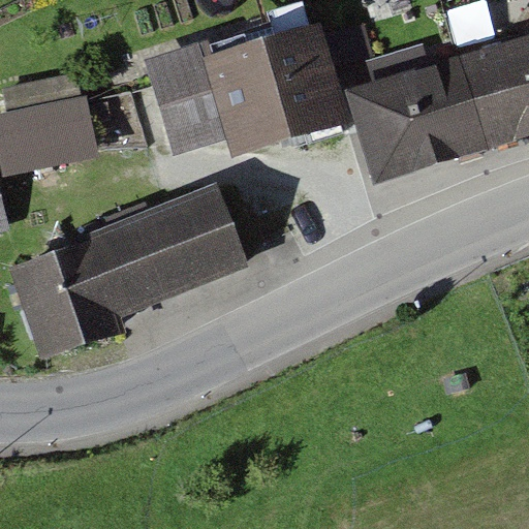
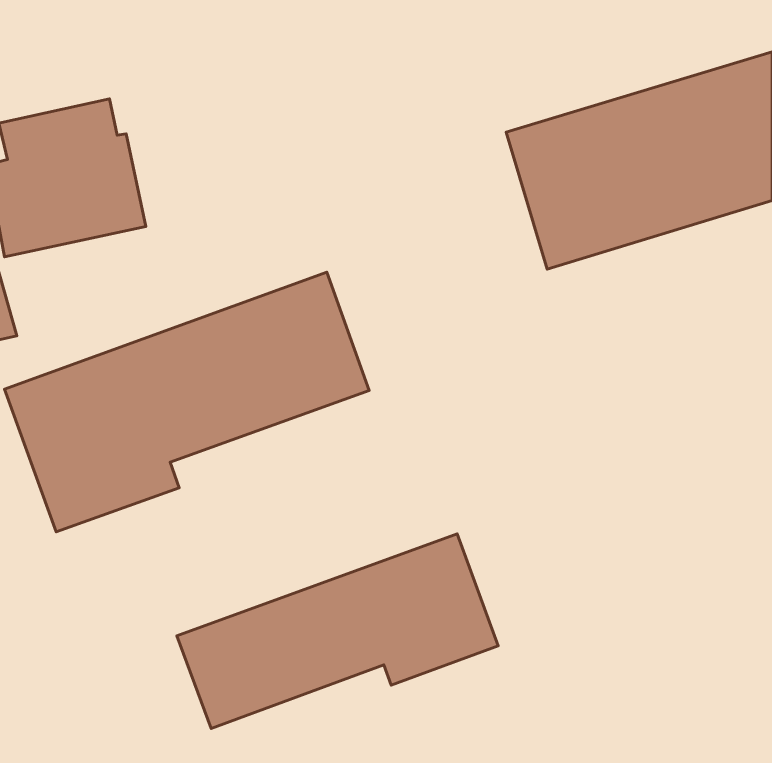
building: [143,21,350,158] -> none
building: none -> [177,534,498,728]

